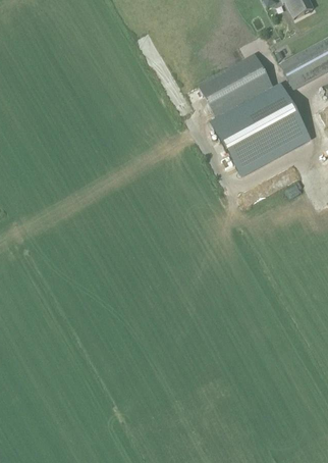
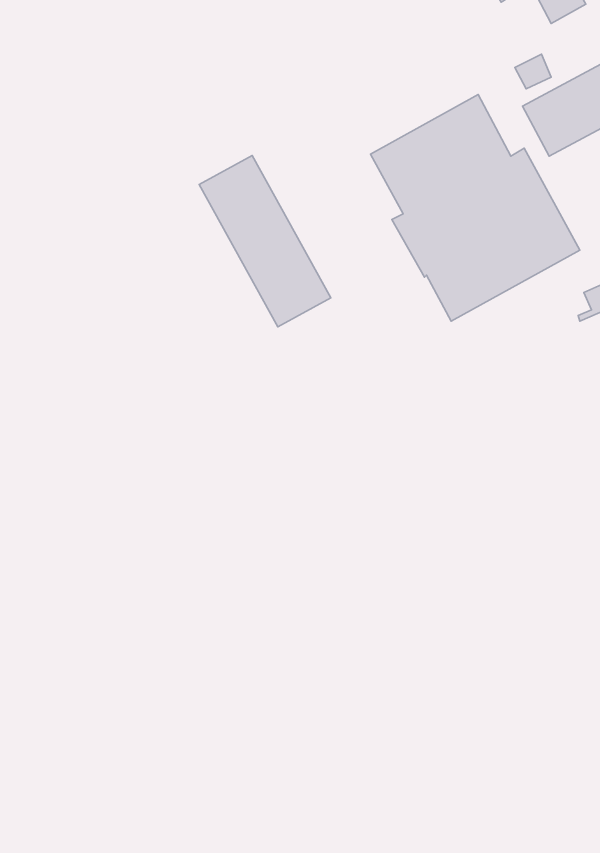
building: none -> [199,156,331,327]

